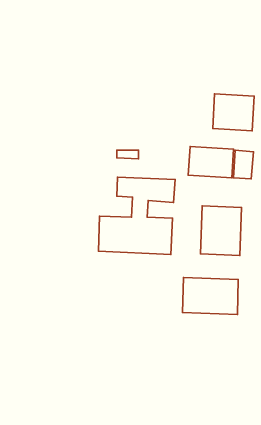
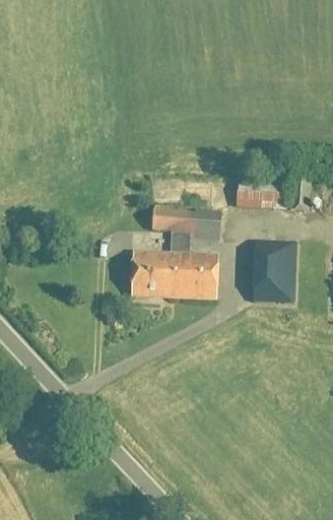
building: [213,94,254,131] -> none
building: [183,277,238,314] -> none

